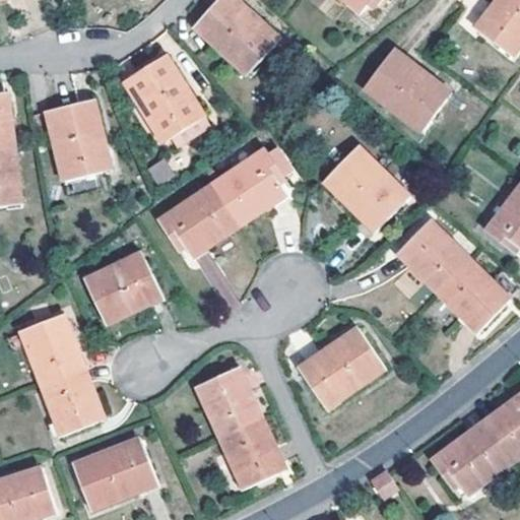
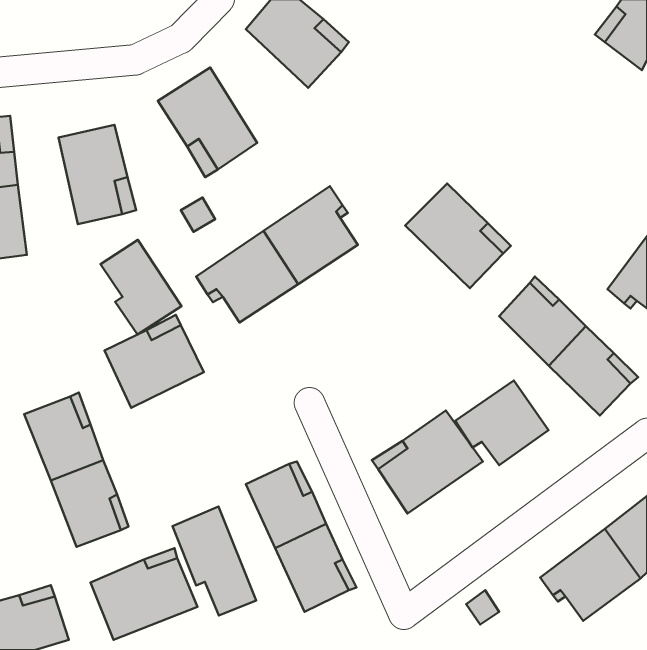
building: [363,49,449,131] -> none
building: none -> [100,240,181,335]
building: none -> [455,380,548,465]
building: none -> [172,506,256,616]

